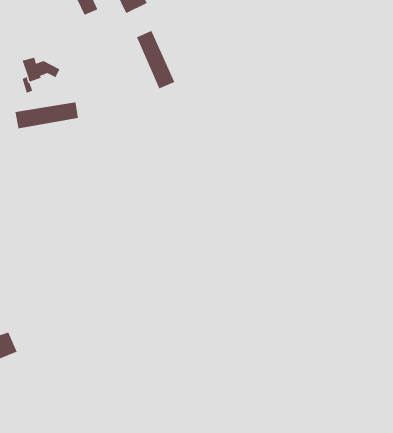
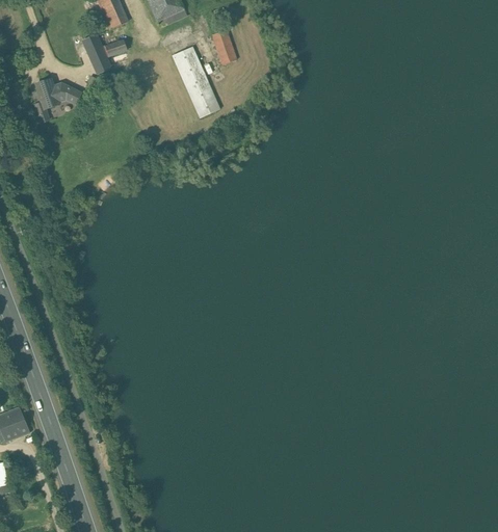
building: none -> [211,28,238,69]
building: none -> [83,34,130,63]
building: [15,101,79,129] -> none

